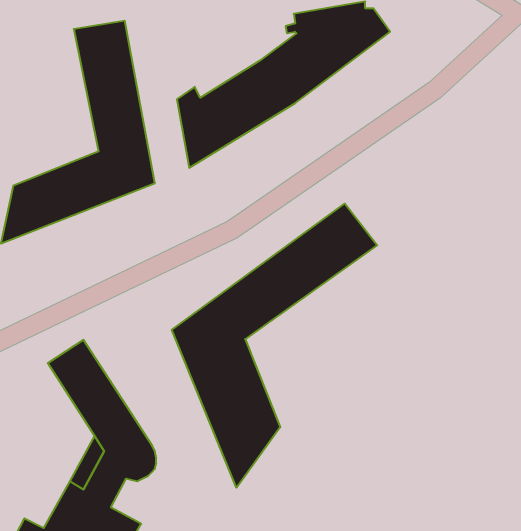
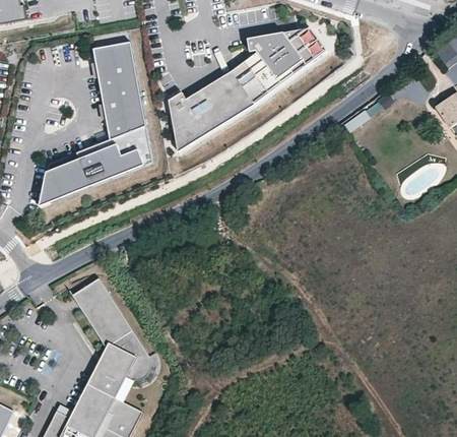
building: [172,204,377,488] -> none

